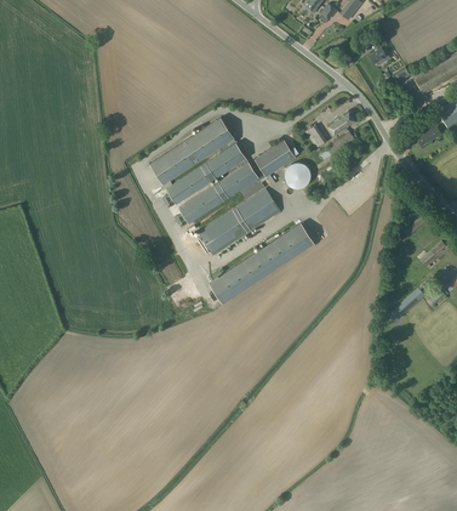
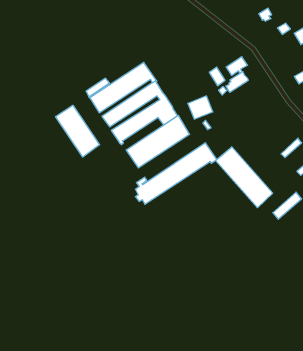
building: [255,140,295,180] -> none
building: none -> [56,105,100,157]
building: none -> [216,147,273,208]

